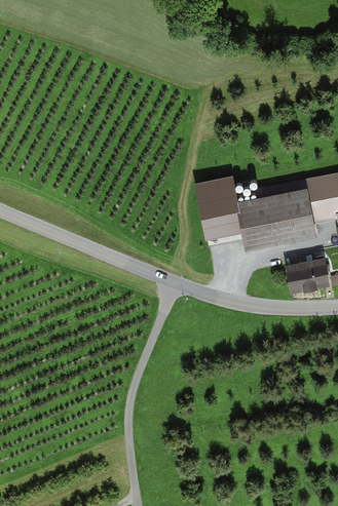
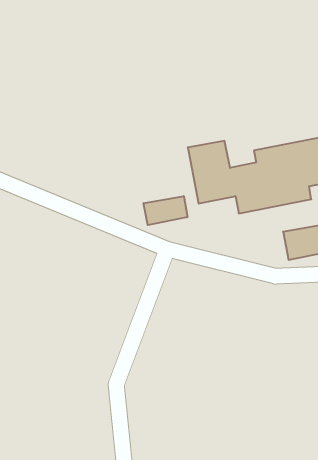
building: none -> [144,196,187,225]

